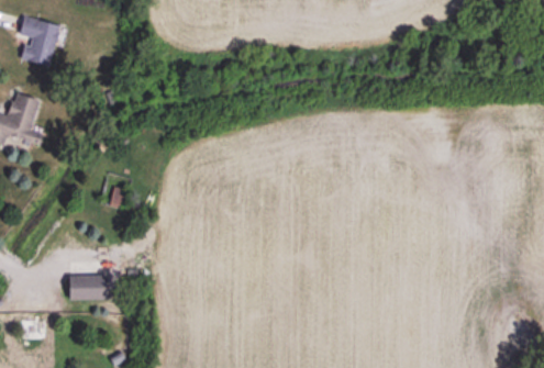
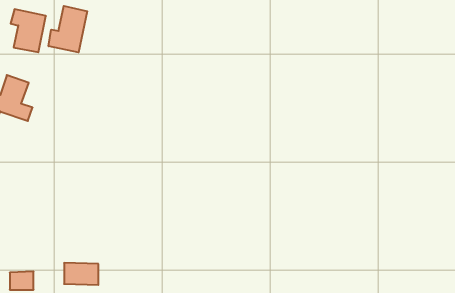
building: none -> [49,6,87,52]
building: [68,275,108,300] -> [64,263,98,285]

